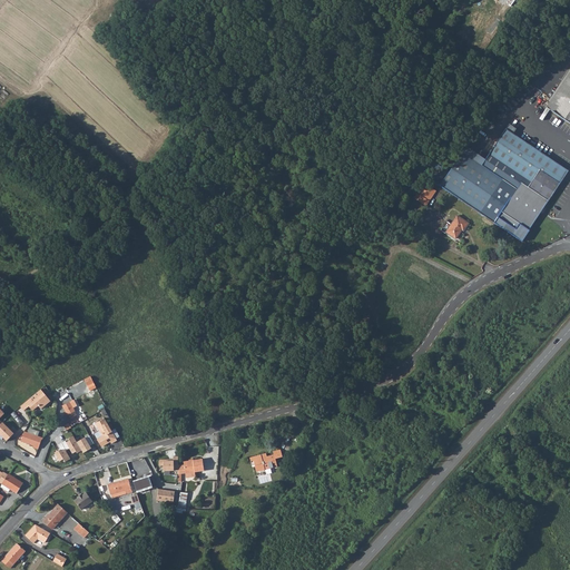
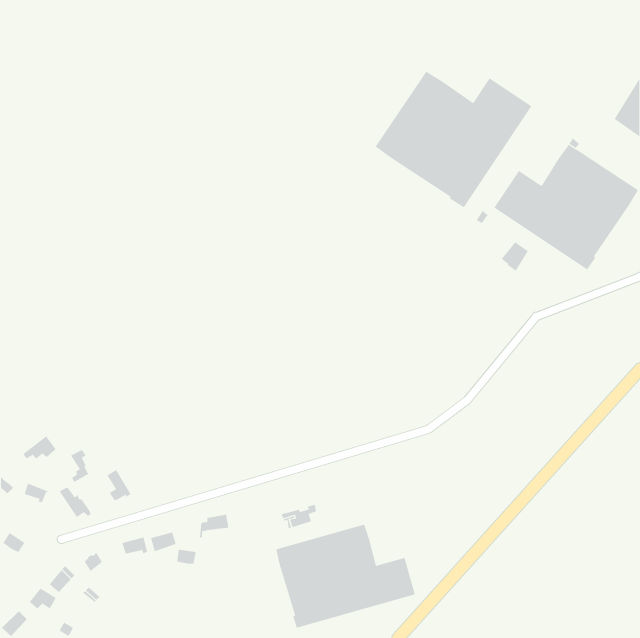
building: none -> [375,71,532,208]
building: none -> [276,524,416,629]

